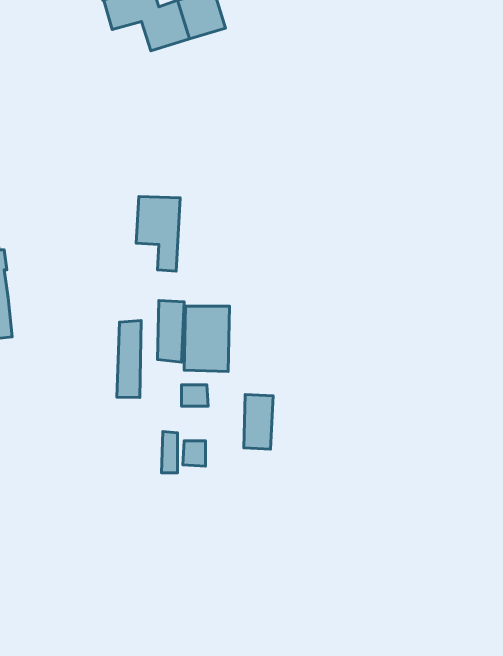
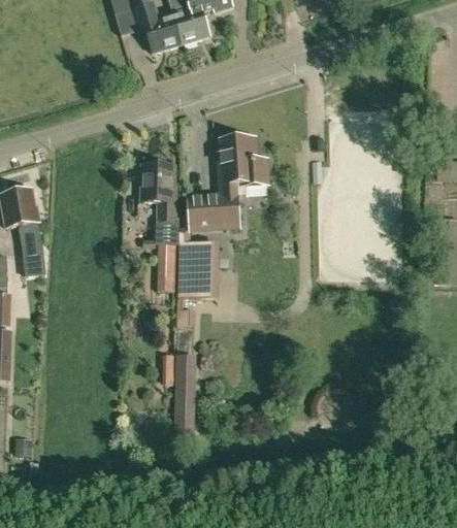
building: none -> [188,137,268,229]
building: [117,320,141,397] -> none
building: [244,394,273,449] -> [173,381,196,423]

